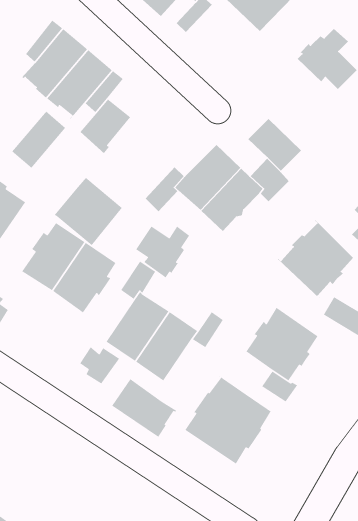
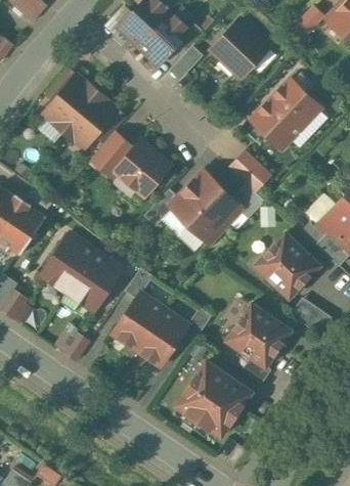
building: none -> [246,99,304,148]
building: [11,111,66,169] -> none
building: [54,177,123,246] -> [114,139,171,196]
building: [135,226,190,278] -> none
building: [79,346,120,384] -> [56,328,90,360]
building: [111,378,177,438] -> none

